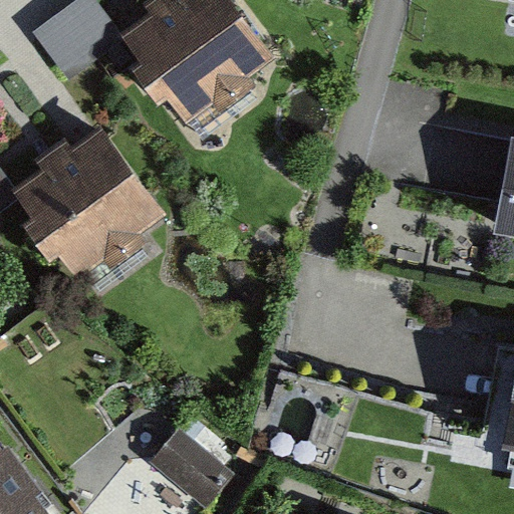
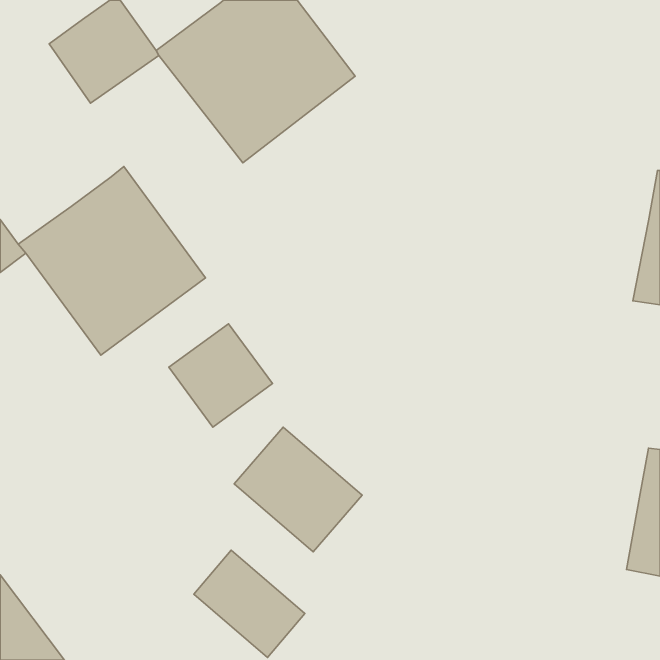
building: none -> [169,324,272,427]
building: none -> [234,427,362,552]

